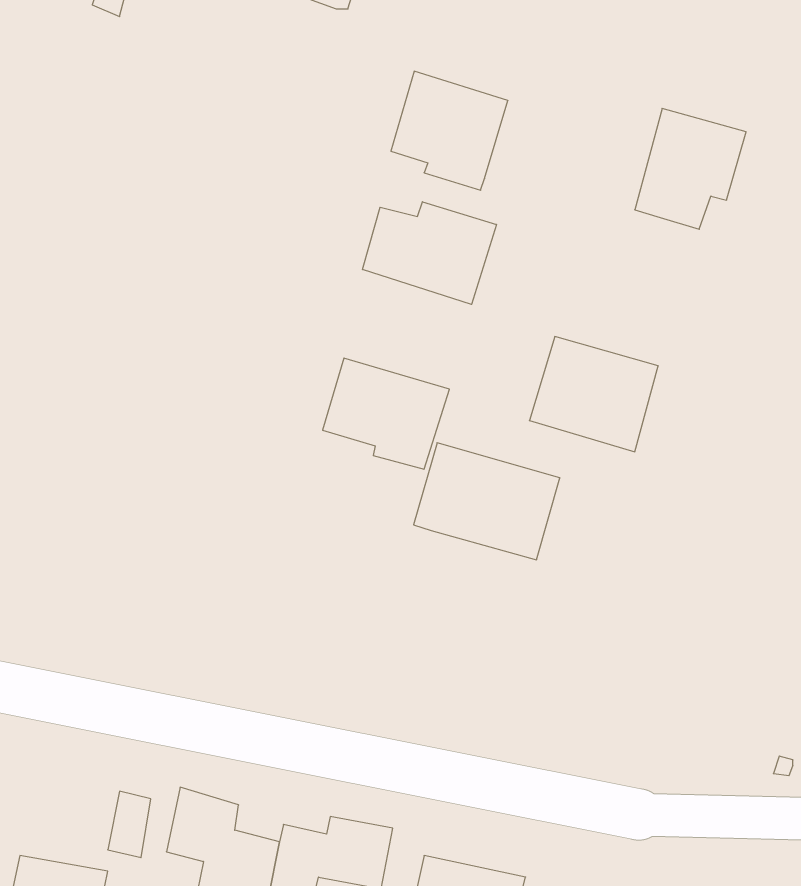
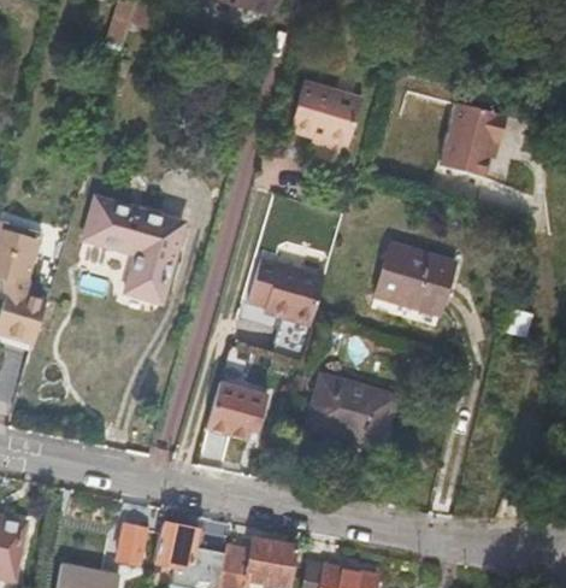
building: [363,202,496,304] -> none
building: none -> [83,194,183,304]
building: [414,443,560,560] -> [308,375,399,447]
building: none -> [207,381,267,440]

